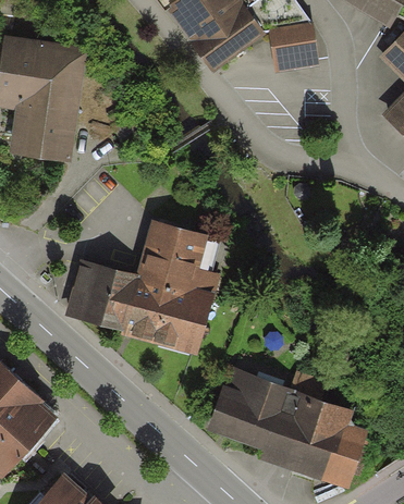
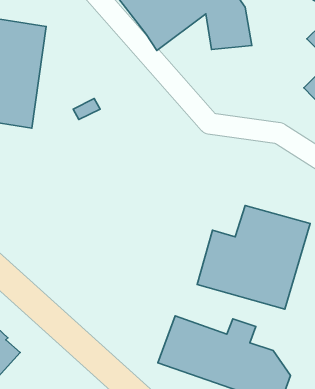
building: [68,230,215,351] -> none
building: none -> [197,205,310,309]

